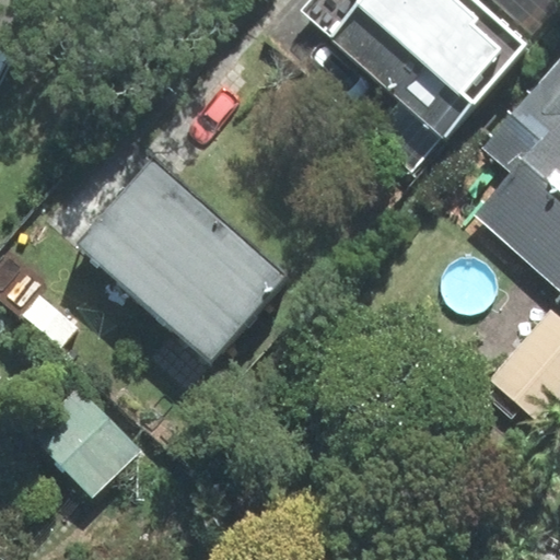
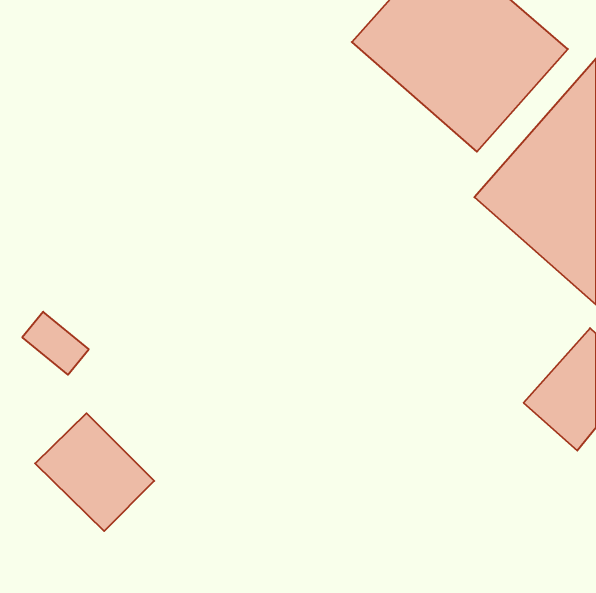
building: [78,160,290,366] -> none

